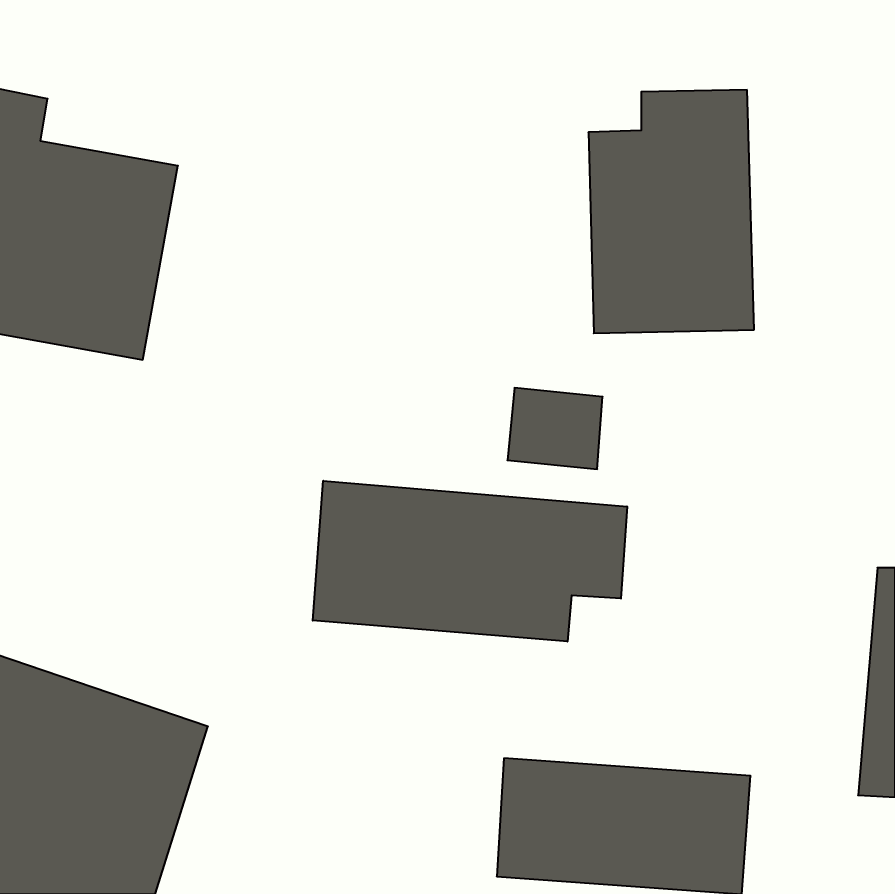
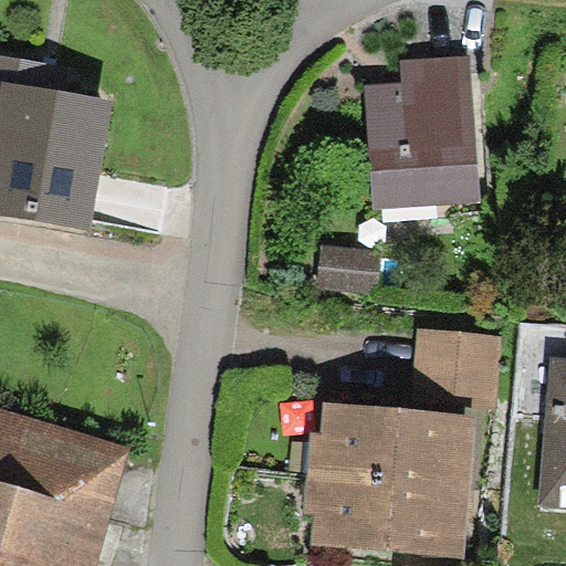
building: [313,481,627,642] -> none
building: none -> [409,329,495,406]
building: none -> [316,402,476,486]

